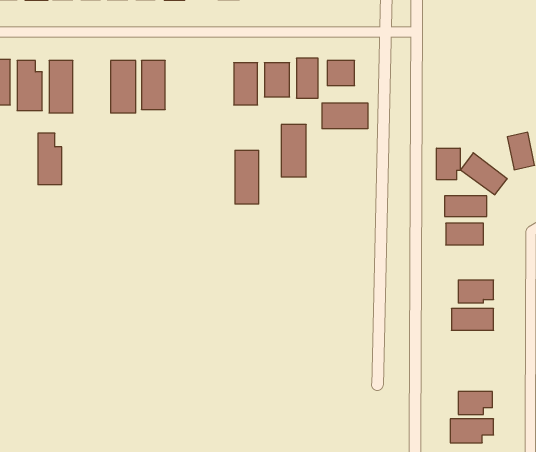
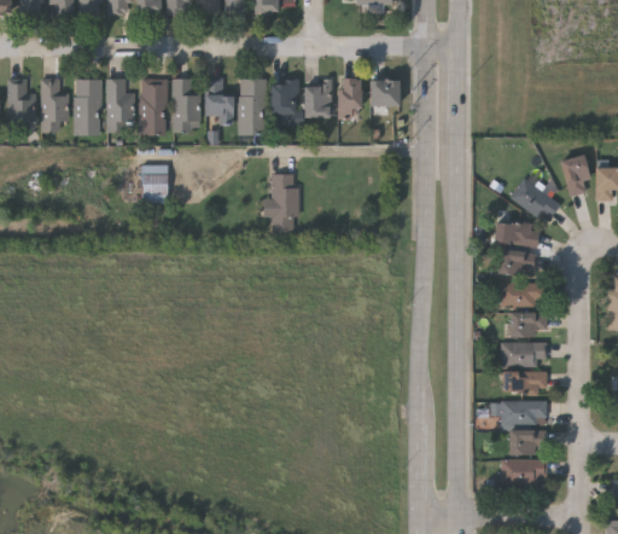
building: none -> [204,81,233,123]
building: [322,103,368,129] -> none
building: [281,125,306,177] -> [238,79,264,134]
building: [38,133,62,185] -> [107,77,133,132]
building: [437,148,460,180] -> none
building: none -> [141,174,167,195]
building: none -> [495,283,543,304]
building: none -> [501,371,546,394]
building: none -> [500,401,541,423]

